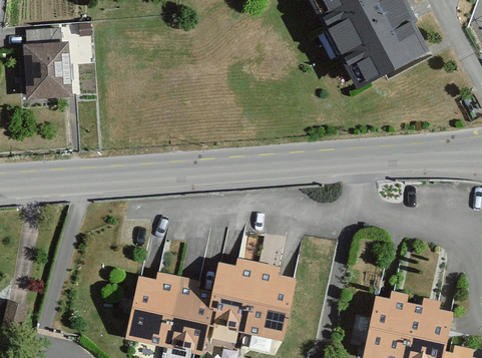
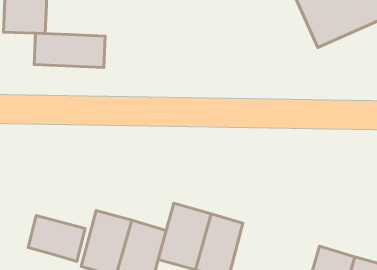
building: none -> [34,33,105,67]
building: none -> [28,215,85,261]

